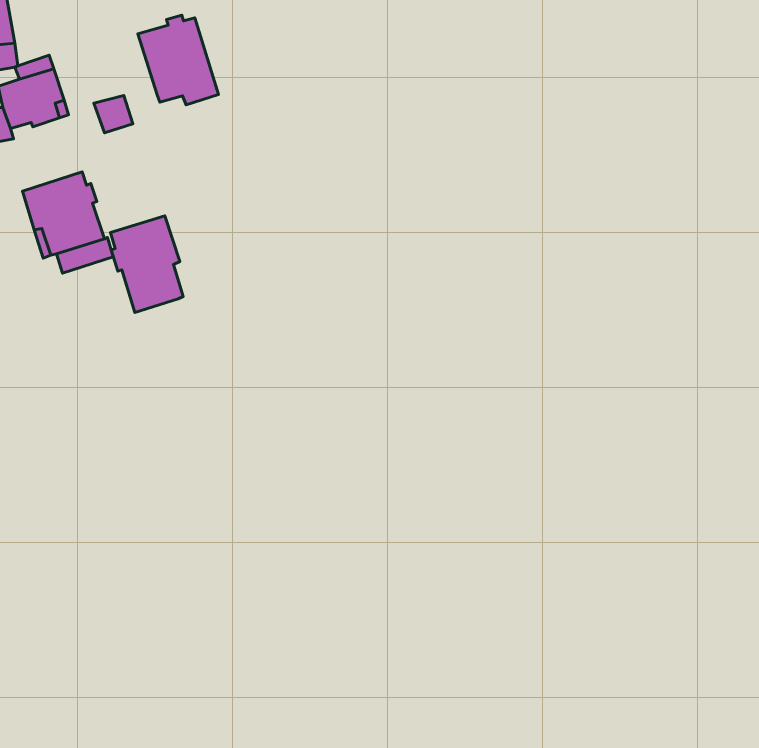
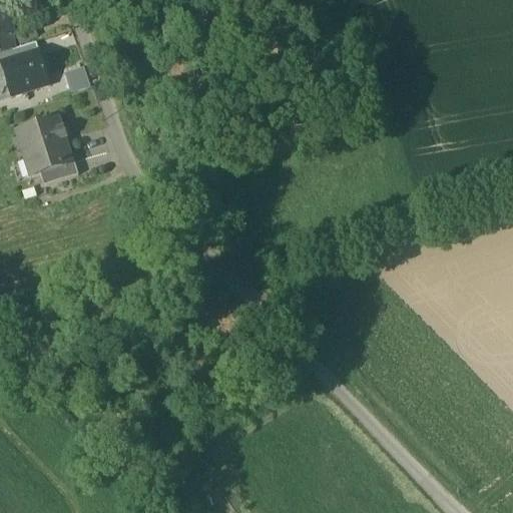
building: [138,15,218,105] -> none
building: [110,216,183,313] -> none

